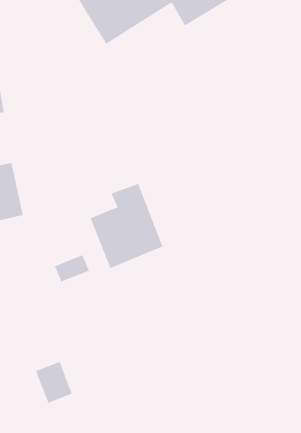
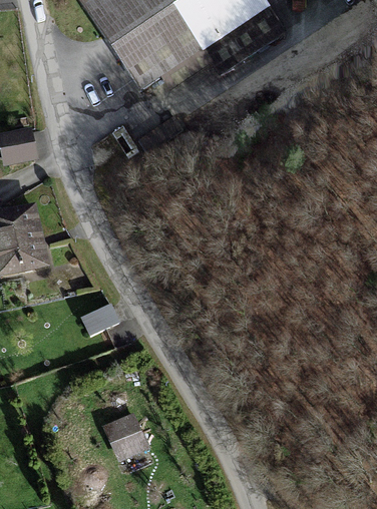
building: [90,183,163,269] -> none
building: [35,361,73,403] -> [103,417,142,461]

